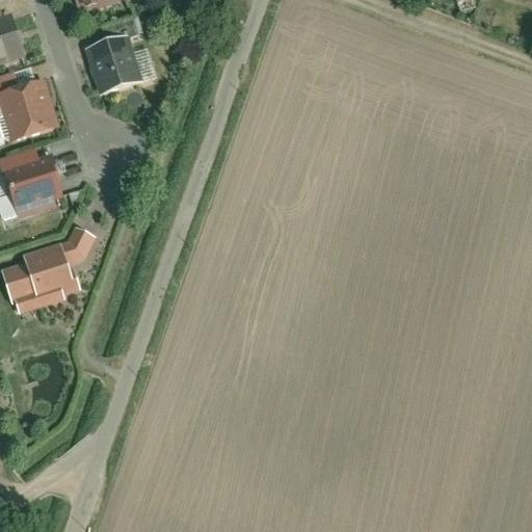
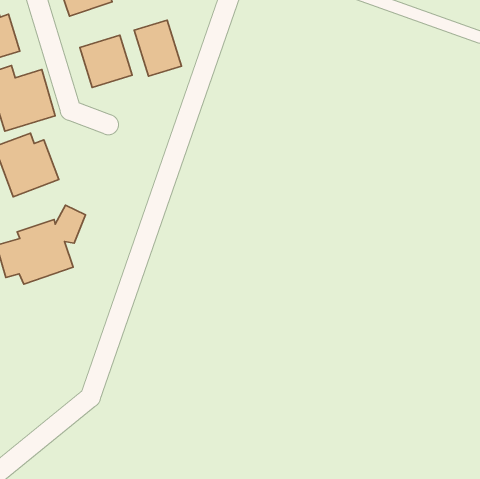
building: none -> [134,20,181,76]

